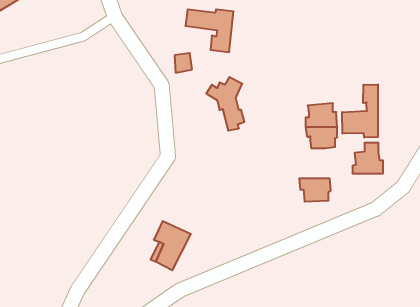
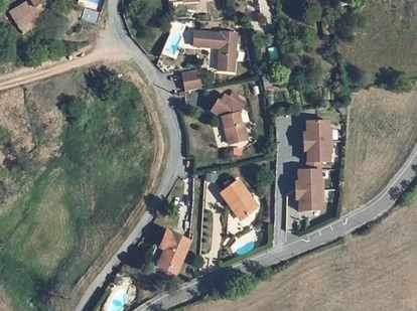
building: [342,84,378,138] -> none
building: [352,143,383,173] -> [295,159,323,187]
building: none -> [222,173,261,212]

